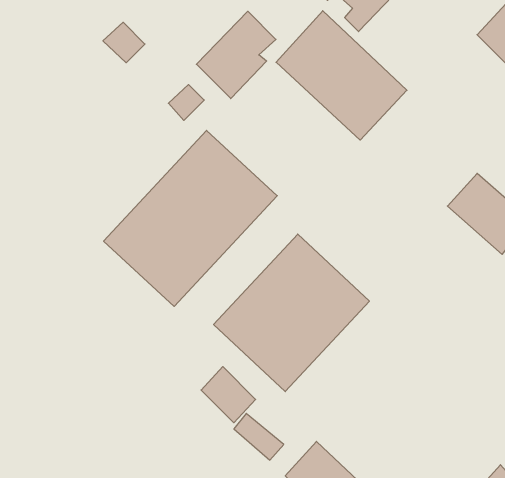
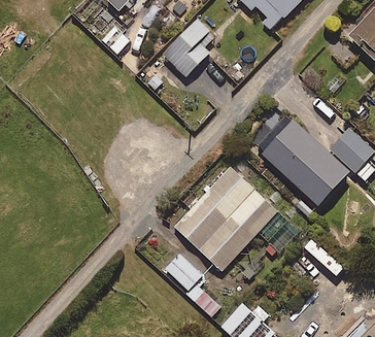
building: [276,11,407,140] -> [262,120,348,205]
building: [104,130,277,306] -> none

